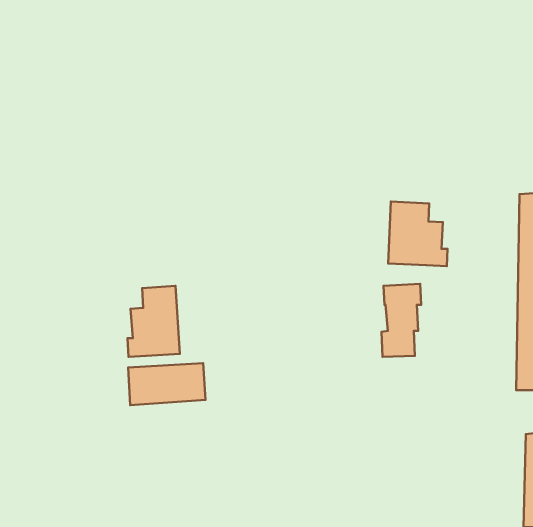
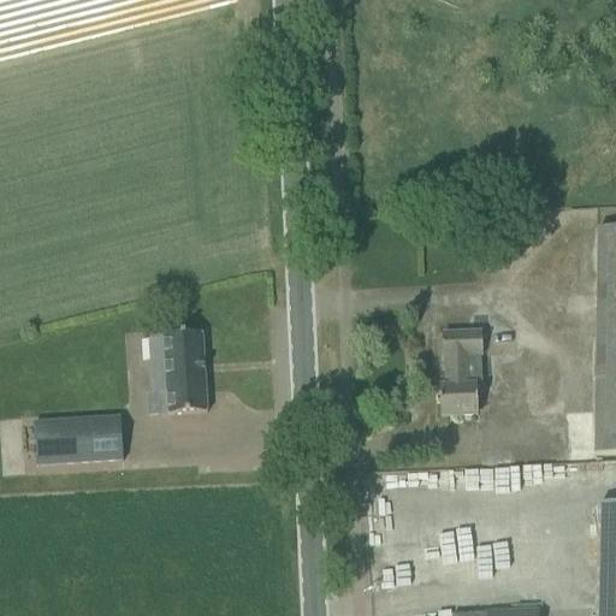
building: [388,202,447,266] -> none
building: [128,363,205,405] -> [35,414,124,462]

